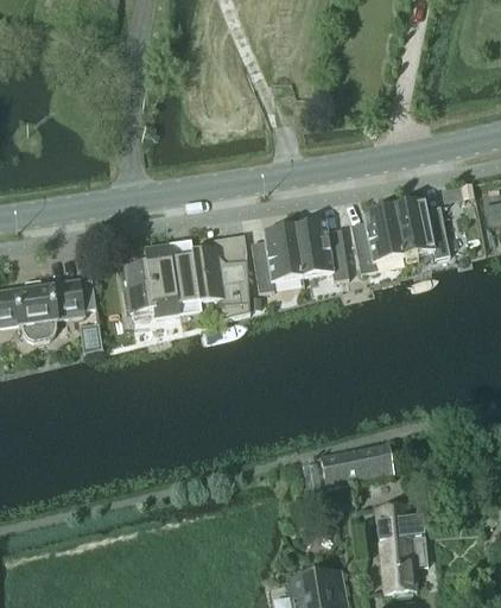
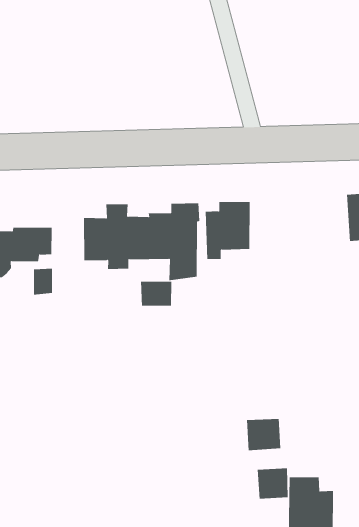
building: [350,204,405,272] -> none
building: [297,220,349,279] -> none
building: none -> [141,281,172,307]
building: [356,441,393,477] -> [257,468,289,499]

